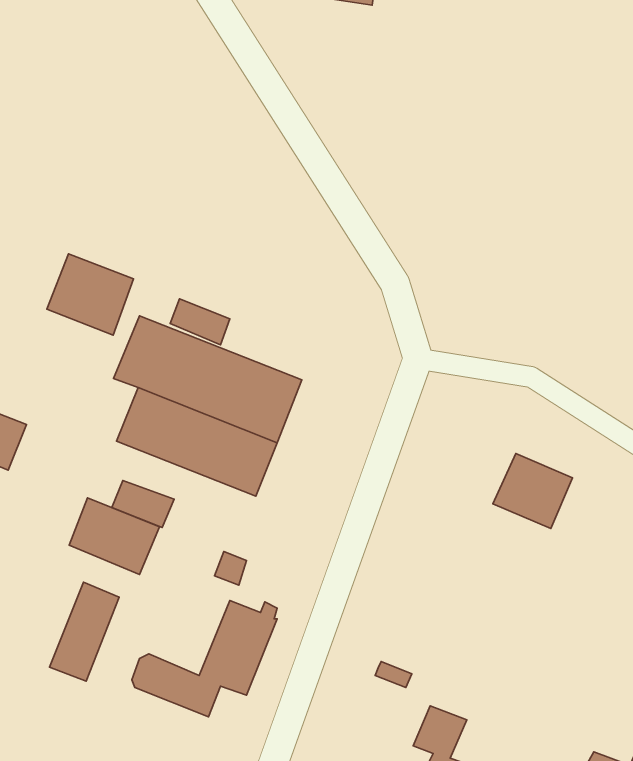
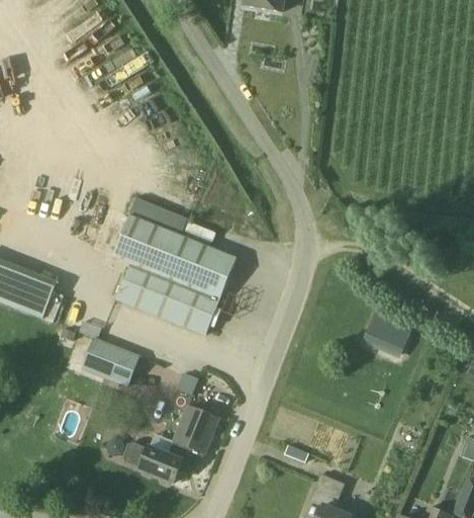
building: [47,254,133,335] -> none
building: [112,481,174,527] -> none
building: [49,582,119,681] -> none

